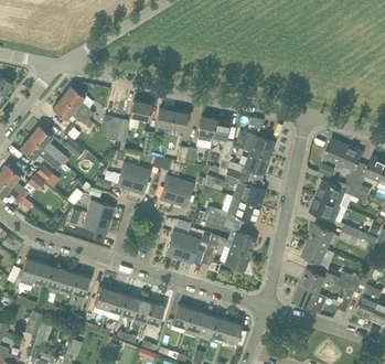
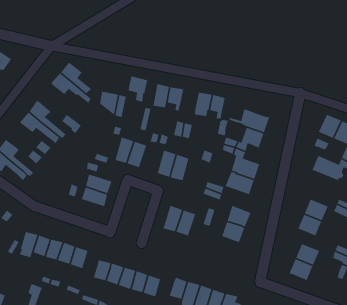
building: [310,196,344,222] -> none

